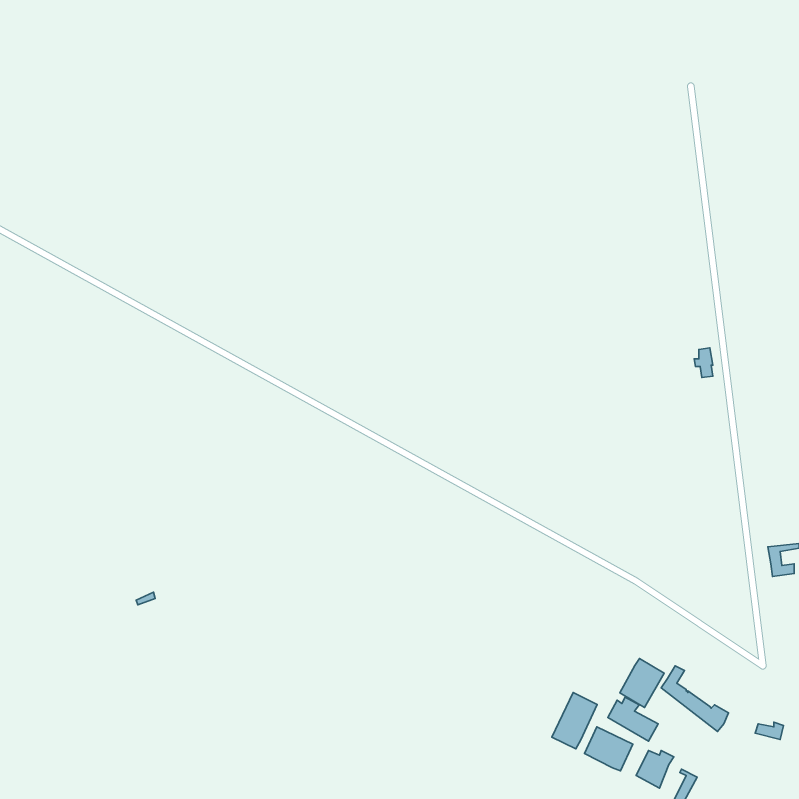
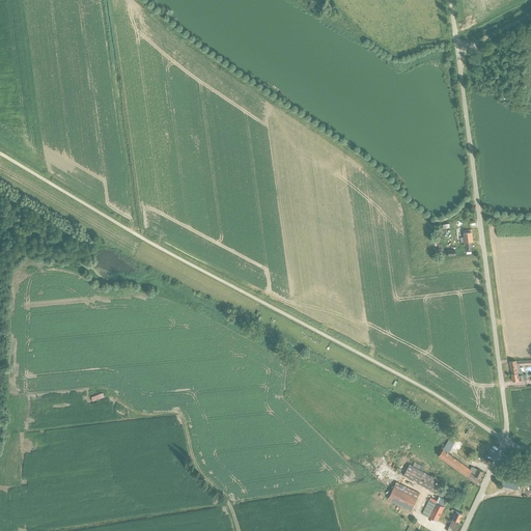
building: [620,659,664,707] -> none
building: [552,693,597,749] -> none

